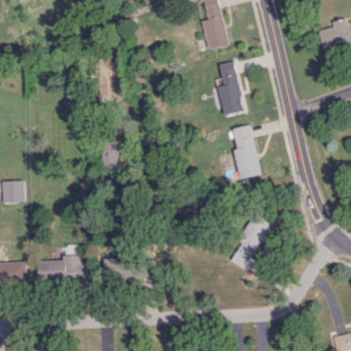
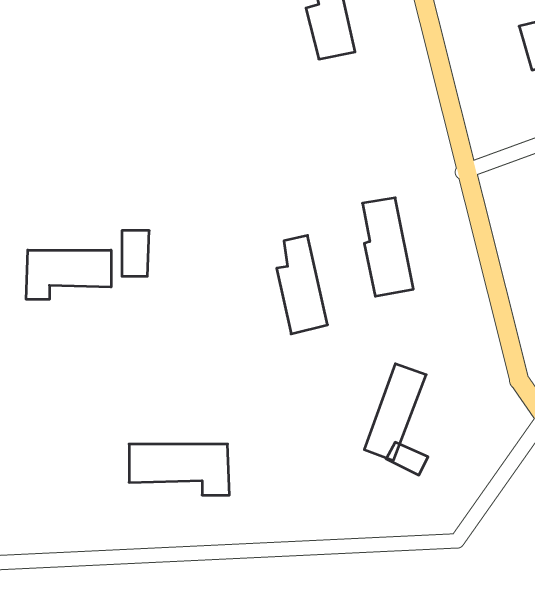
building: [215,61,243,115] -> [277,235,328,334]
building: none -> [26,250,111,299]
building: [38,255,89,282] -> none

